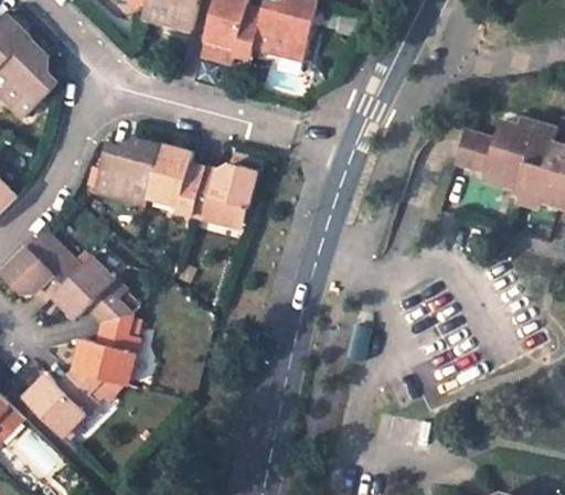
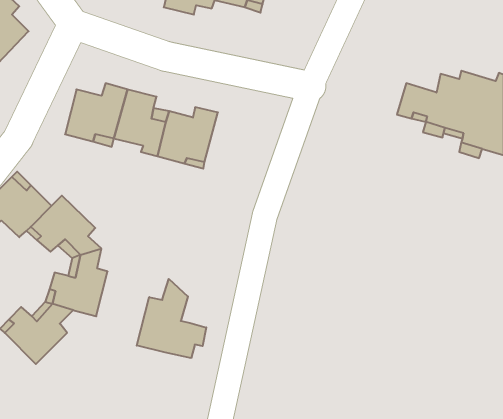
building: none -> [137,279,206,358]

